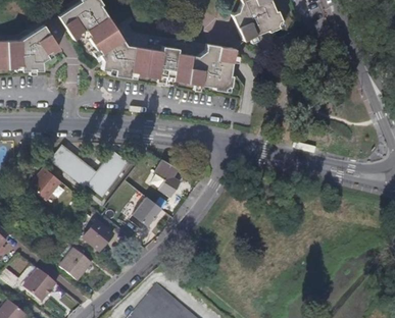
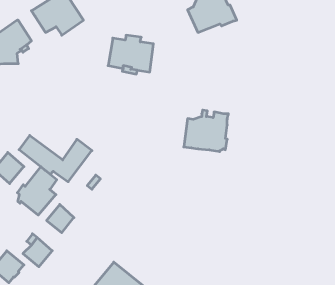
building: [98,23,153,75] -> none
building: [193,40,241,85] -> [184,110,228,152]
building: [153,158,182,198] -> none
building: none -> [17,167,57,215]
building: [134,198,162,227] -> none

